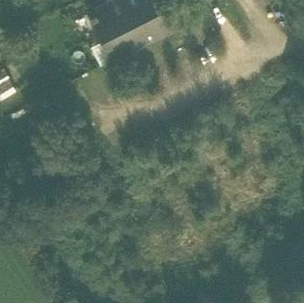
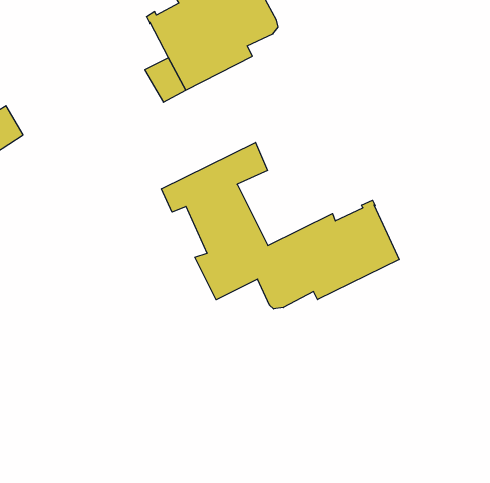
building: none -> [162,142,399,309]

